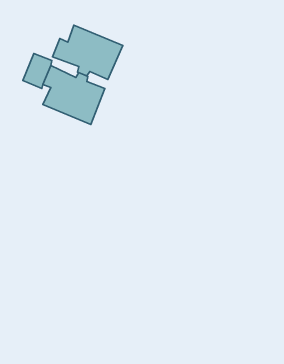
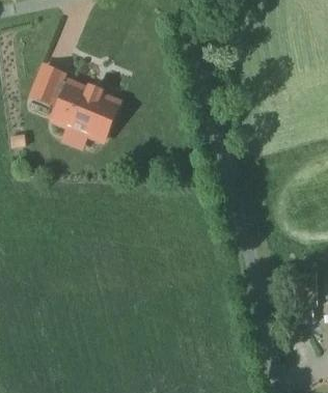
building: [52,25,123,80] -> none

